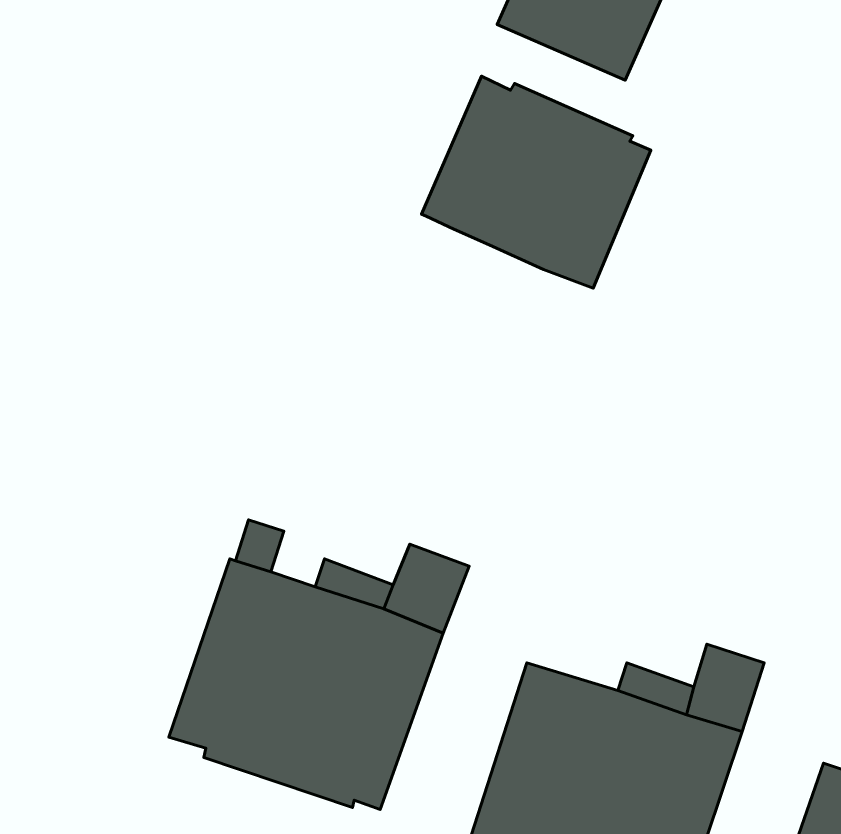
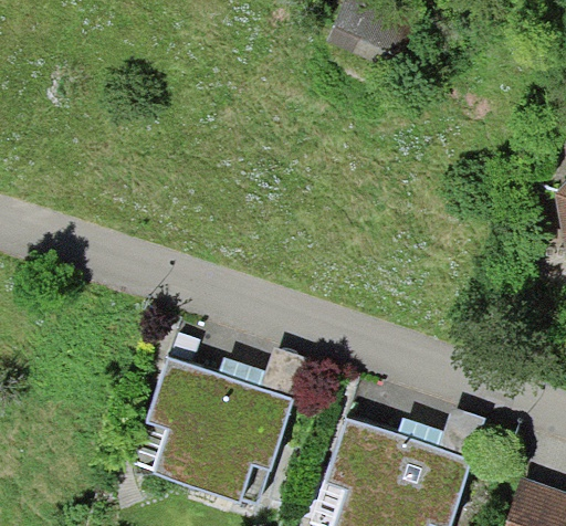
building: [422,76,651,288] -> none

